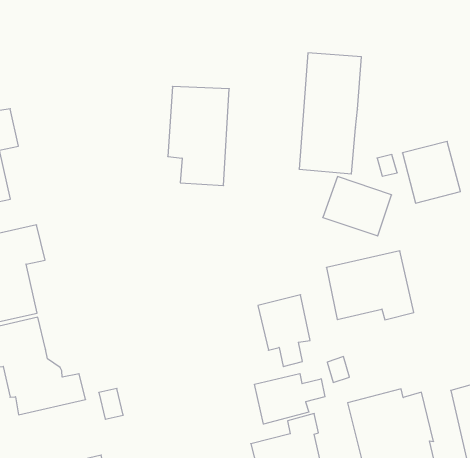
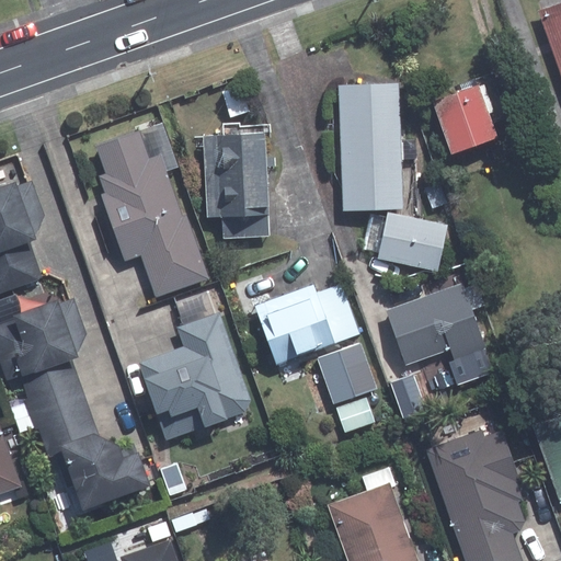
building: none -> [103,134,206,291]
building: [402,141,460,203] -> [428,84,494,153]
building: none -> [253,285,359,366]
building: none -> [148,316,251,434]
building: [255,374,325,424] -> none

